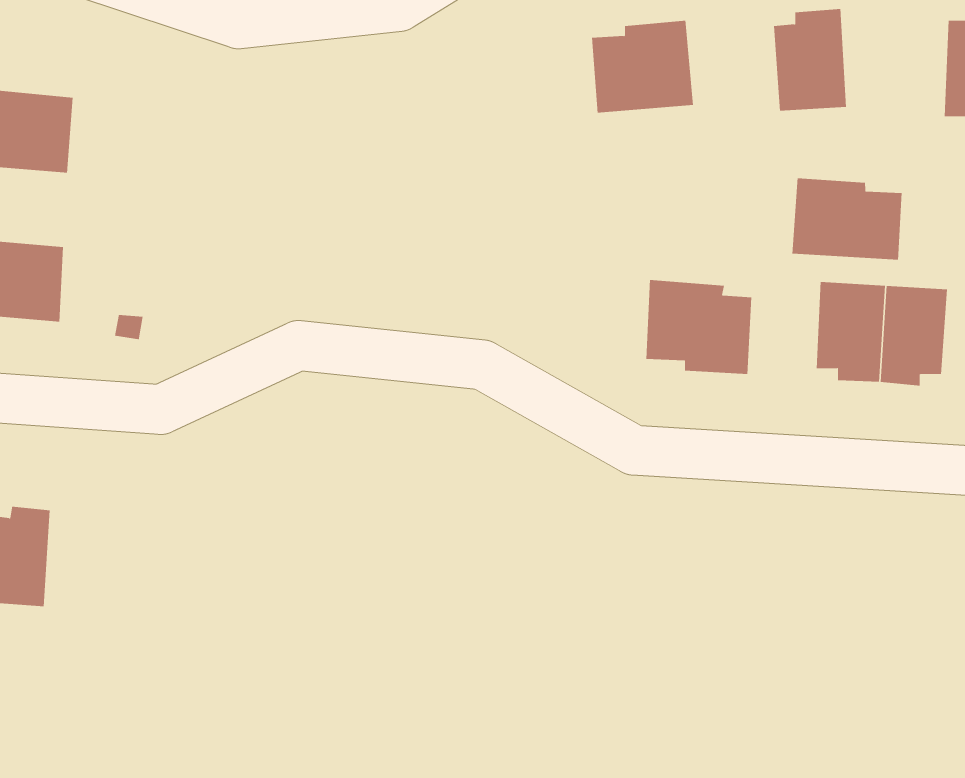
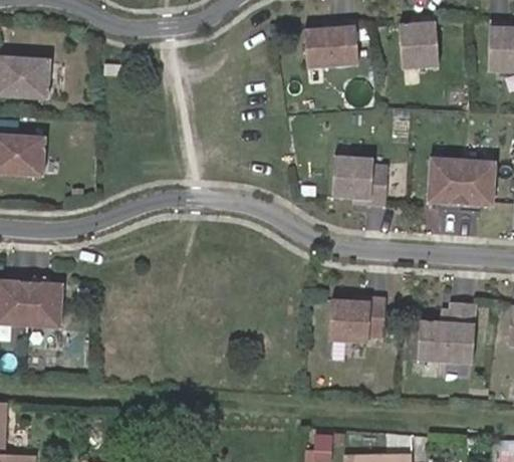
building: [792,177,902,260] -> none
building: none -> [24,276,60,328]
building: none -> [333,295,390,341]
building: none -> [422,300,479,361]

